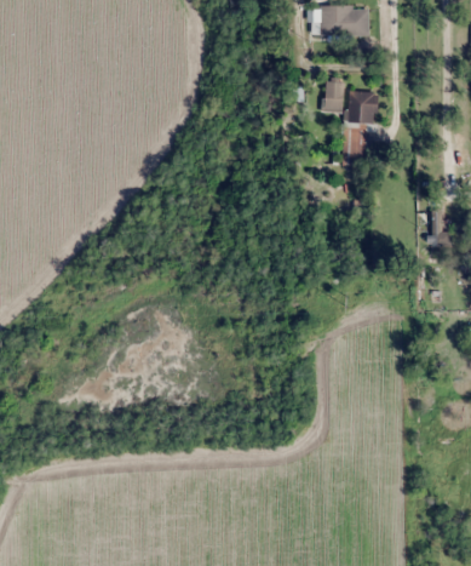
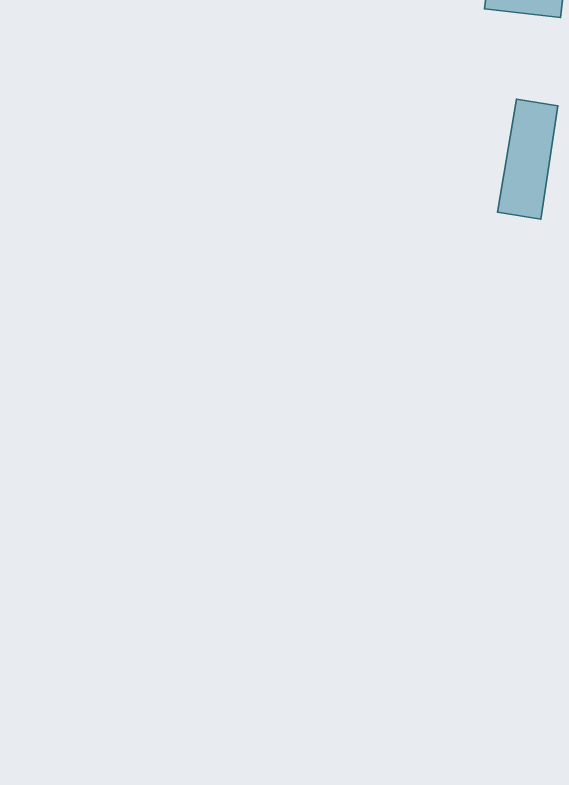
building: [323,81,344,110] -> none

